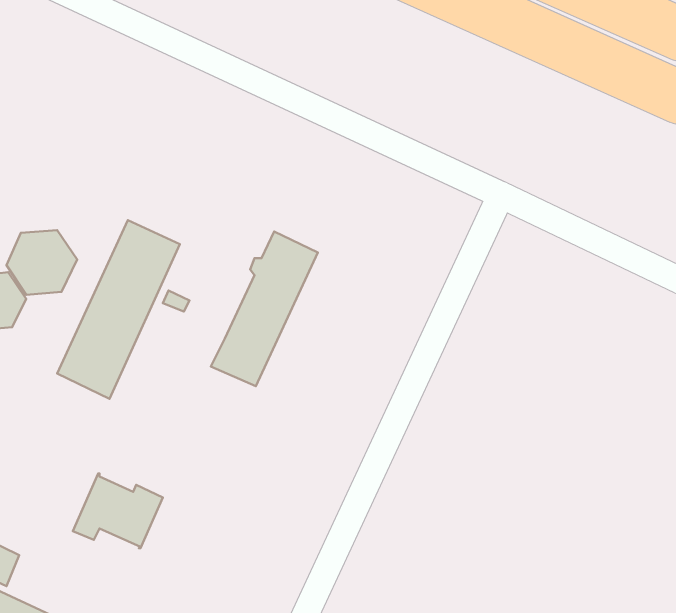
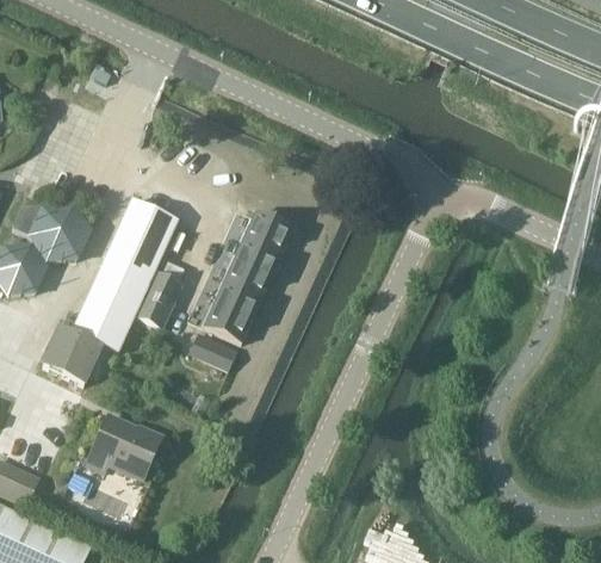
building: none -> [134,271,181,328]
building: none -> [41,327,99,383]
building: none -> [190,332,235,366]

